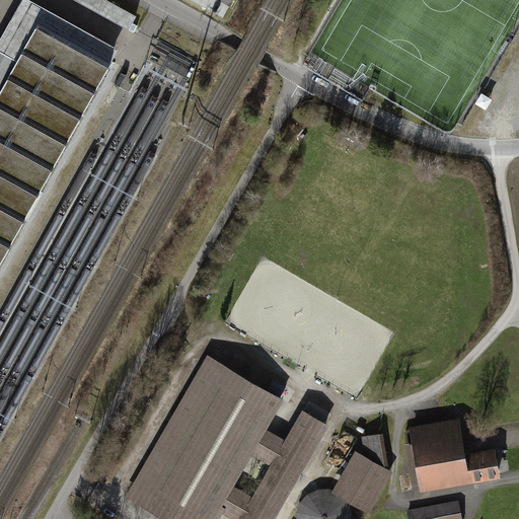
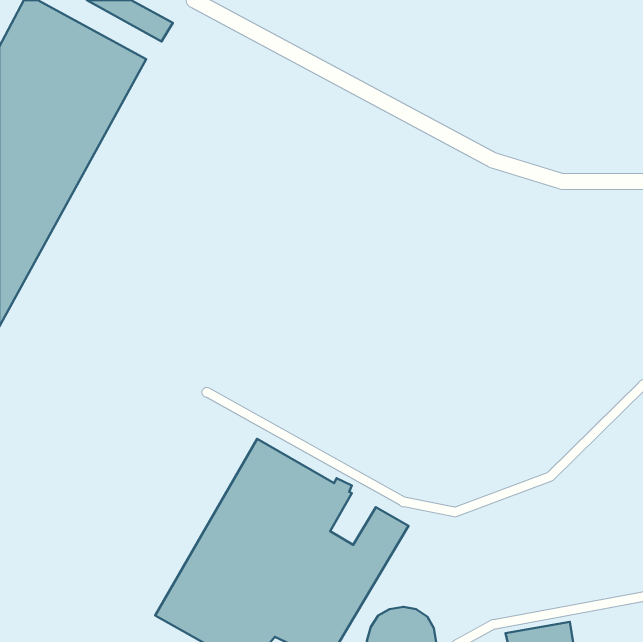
building: [406,421,502,493] -> none
building: [335,436,389,510] -> none

